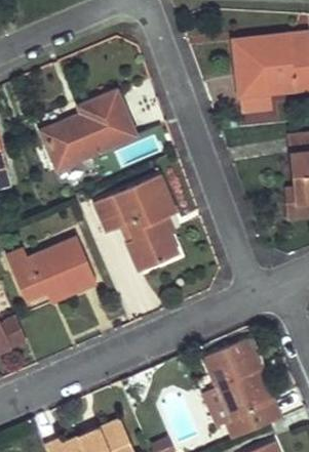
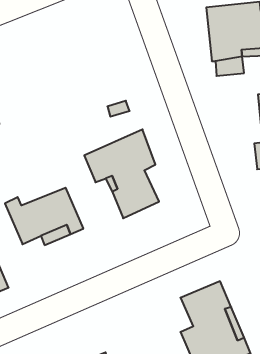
building: [40,90,136,168] -> none

